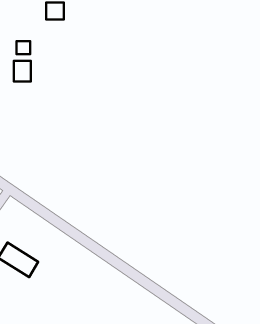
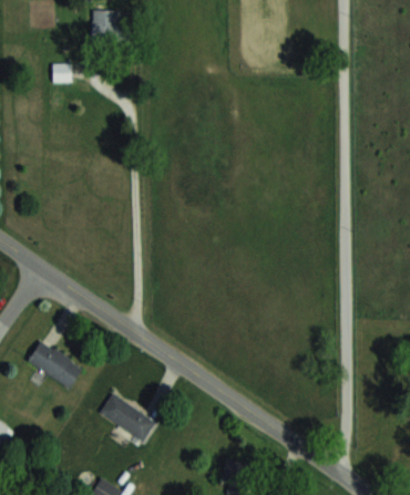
building: [14,61,31,82] -> none
building: none -> [100,394,155,441]

